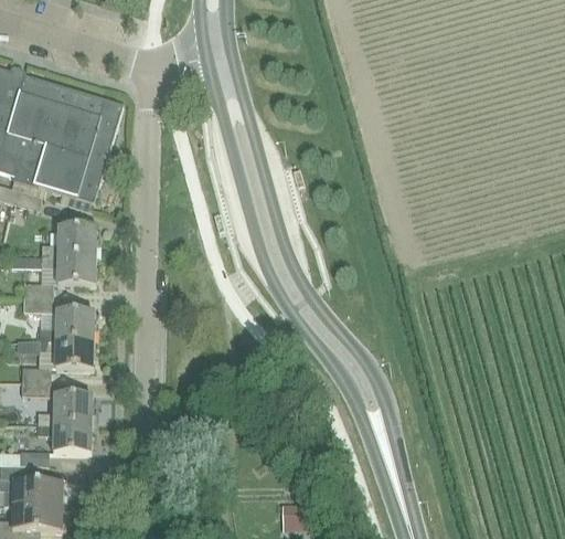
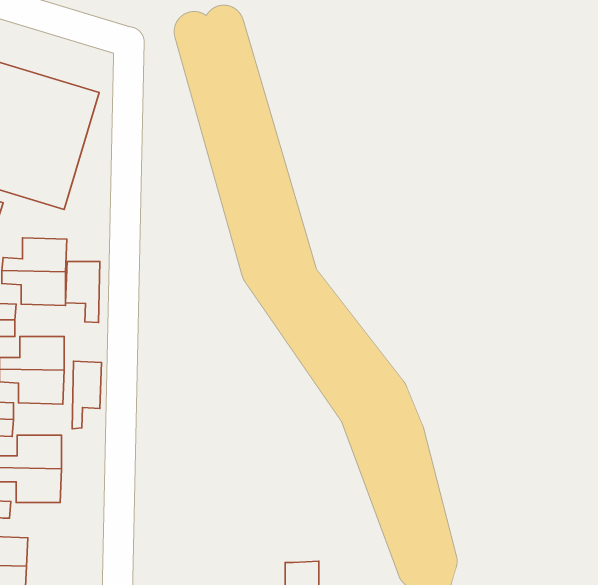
building: none -> [65,261,100,322]
building: none -> [72,361,101,429]

